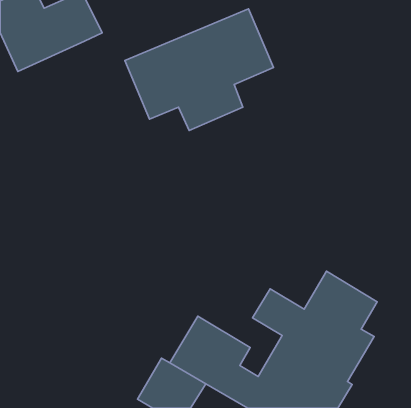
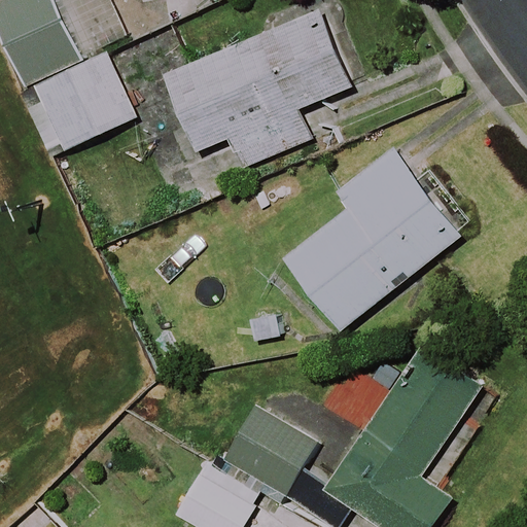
building: none -> [23,52,137,154]
building: none -> [283,147,461,329]

